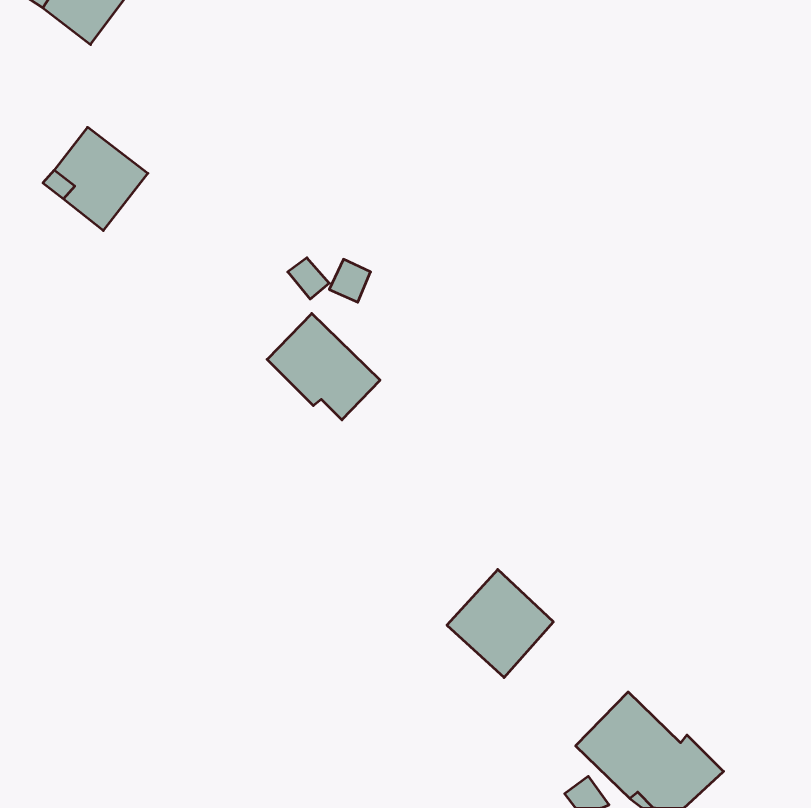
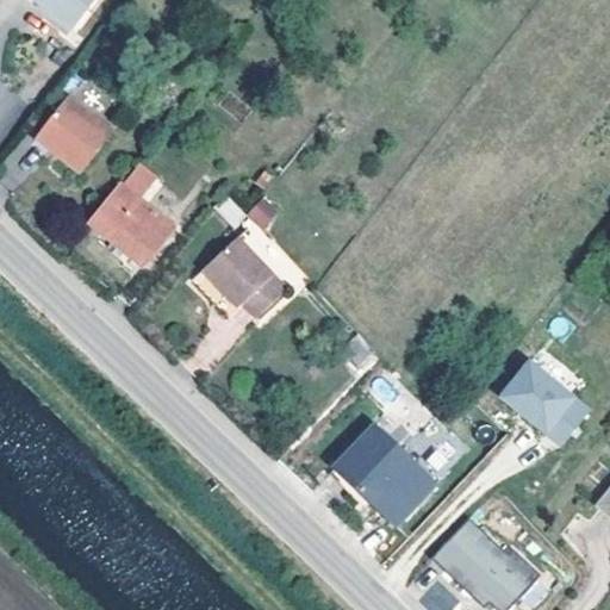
building: none -> [89,164,174,266]
building: none -> [497,361,586,444]
building: none -> [379,466,436,525]

